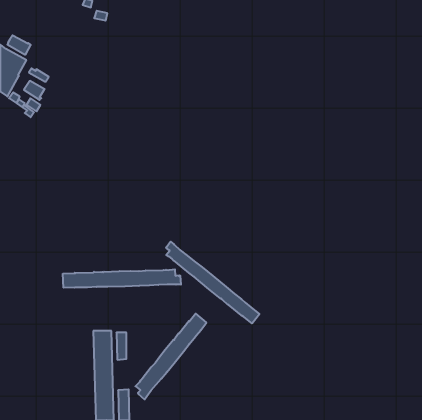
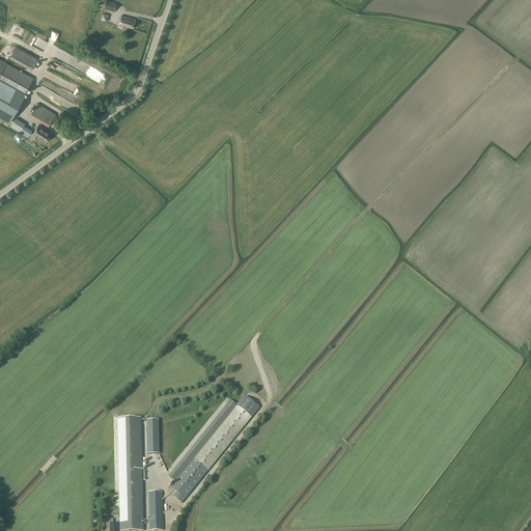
building: [166,242,259,323] -> none
building: [63,269,181,288] -> none

